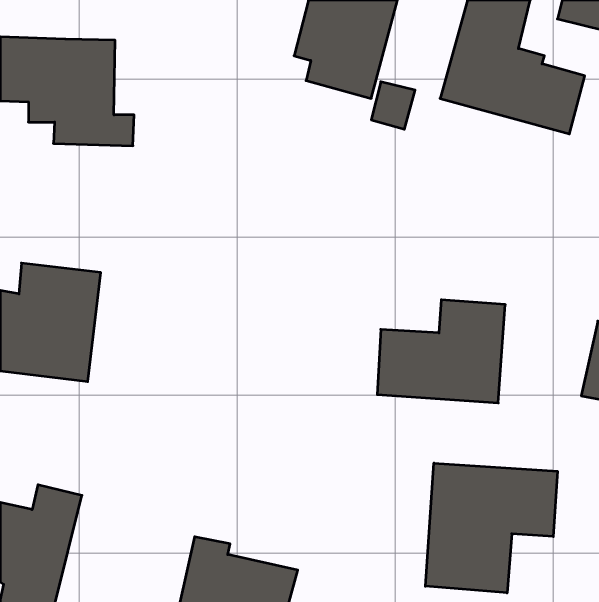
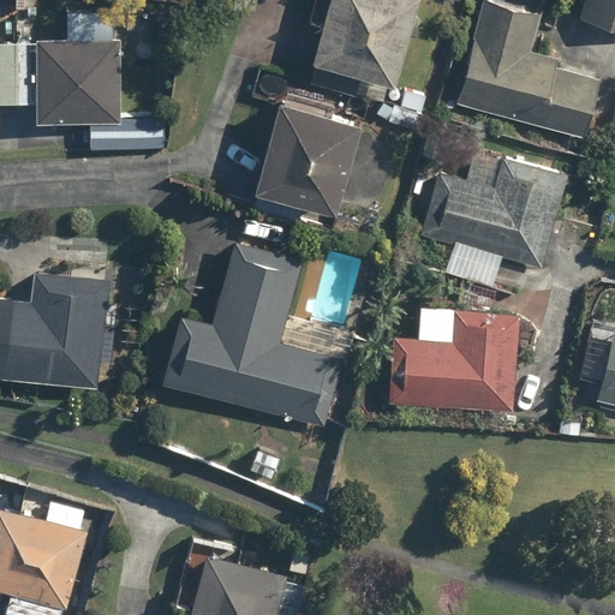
building: none -> [247,102,353,213]
building: none -> [423,149,569,289]
building: none -> [160,239,344,426]
building: [425,463,557,593] -> none

